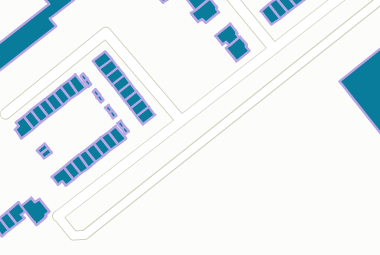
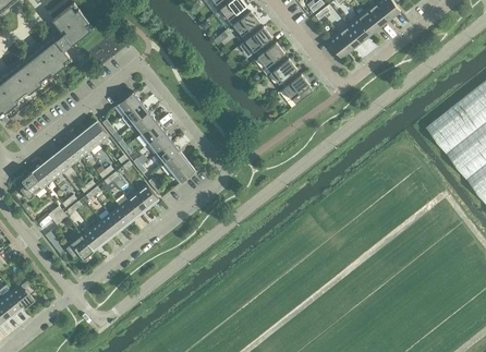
building: none -> [259,41,288,72]
building: [21,198,49,225] -> none

